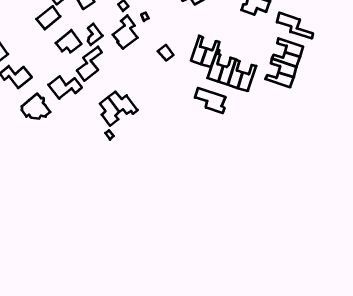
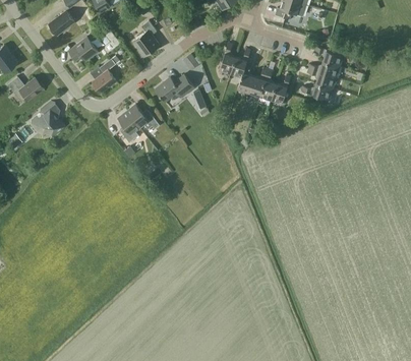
building: [277,13,313,38] -> none
building: none -> [155,73,194,101]
building: [48,76,82,99] -> none
building: [195,88,225,113] -> none

